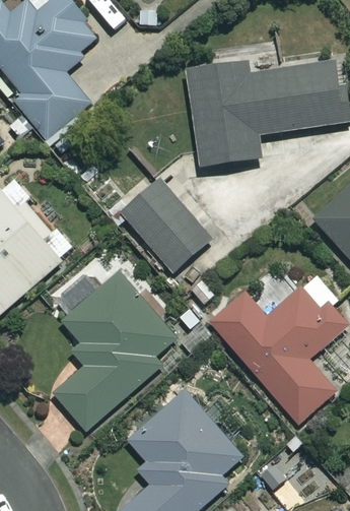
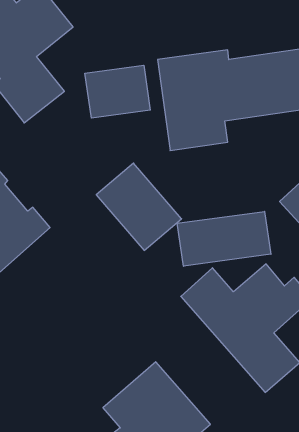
building: none -> [85,65,150,118]
building: none -> [177,211,271,266]
building: [54,272,179,430] -> none

